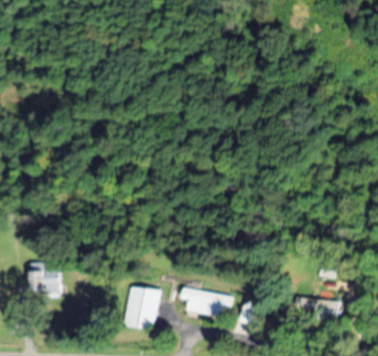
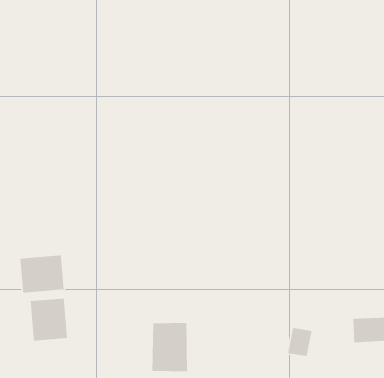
building: none -> [20,255,64,294]
building: [181,286,231,317] -> none

